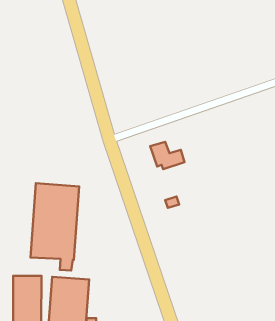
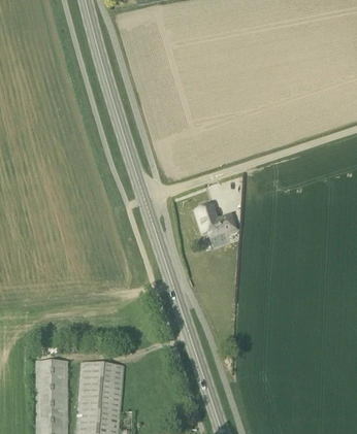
building: [30,183,79,271] -> none

